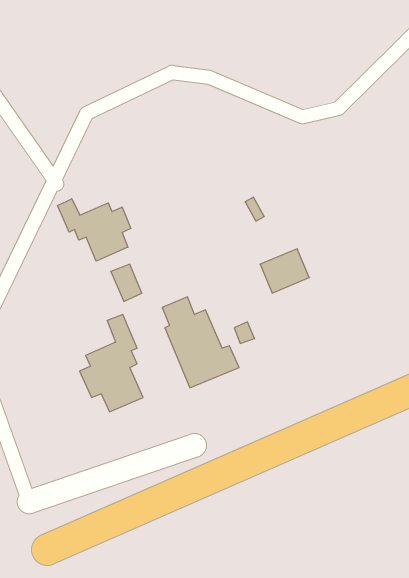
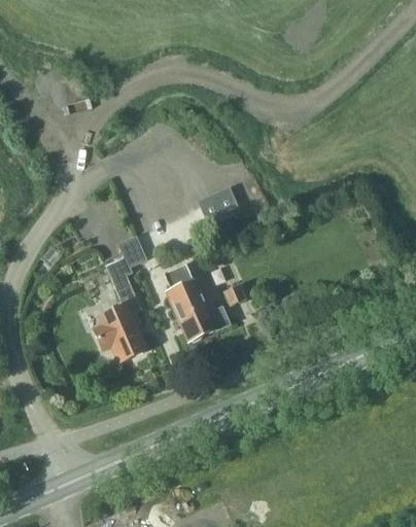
building: [57,199,131,261] -> none
building: [260,249,309,293] -> [197,187,239,225]

